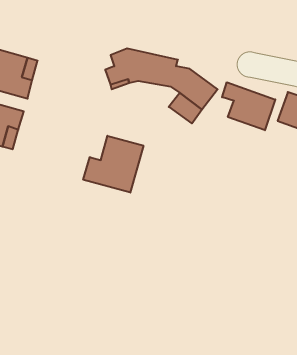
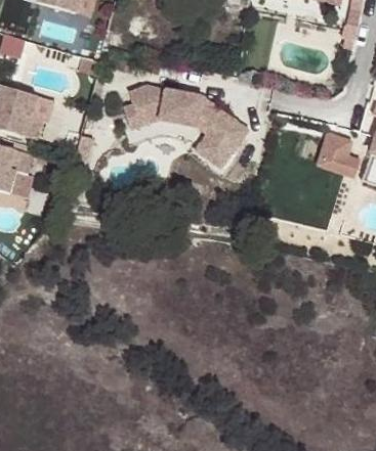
building: [222,82,275,130] -> none
building: [83,136,143,193] -> none

